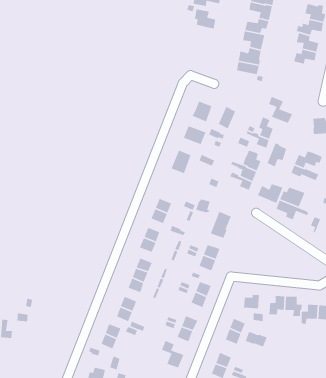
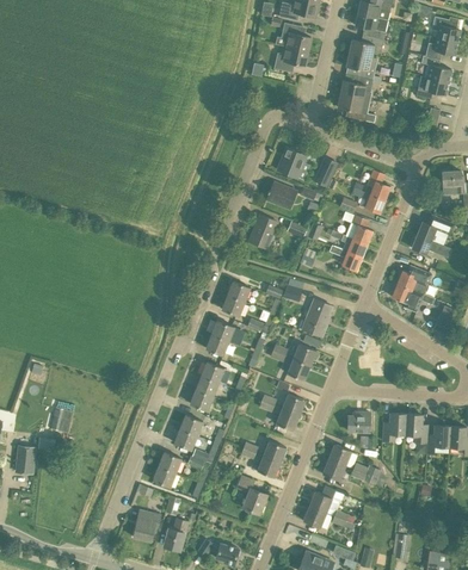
building: none -> [273,45,308,72]
building: [268,96,293,124] -> none
building: [266,142,287,168] -> none
building: [257,183,283,204] -> none

